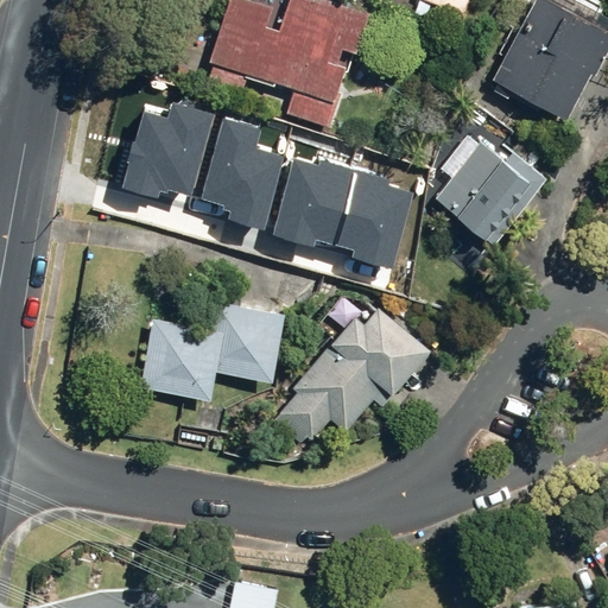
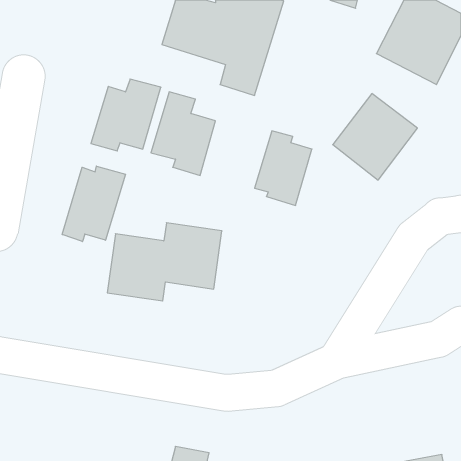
building: [270,165,348,251] -> none
building: none -> [62,166,125,242]
building: [266,300,442,451] -> none

